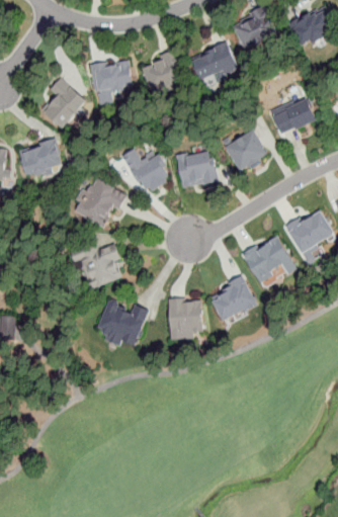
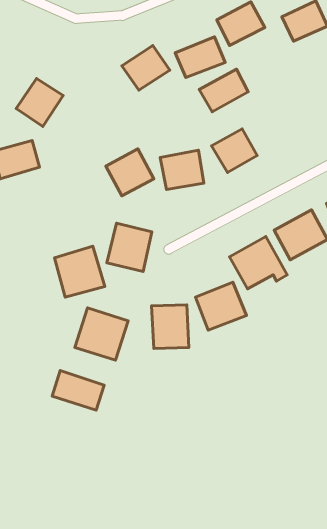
building: [92,62,132,95] -> none
building: [270,96,317,137] -> [199,69,248,112]
building: [78,180,120,226] -> [107,223,152,271]
building: none -> [52,370,104,410]

